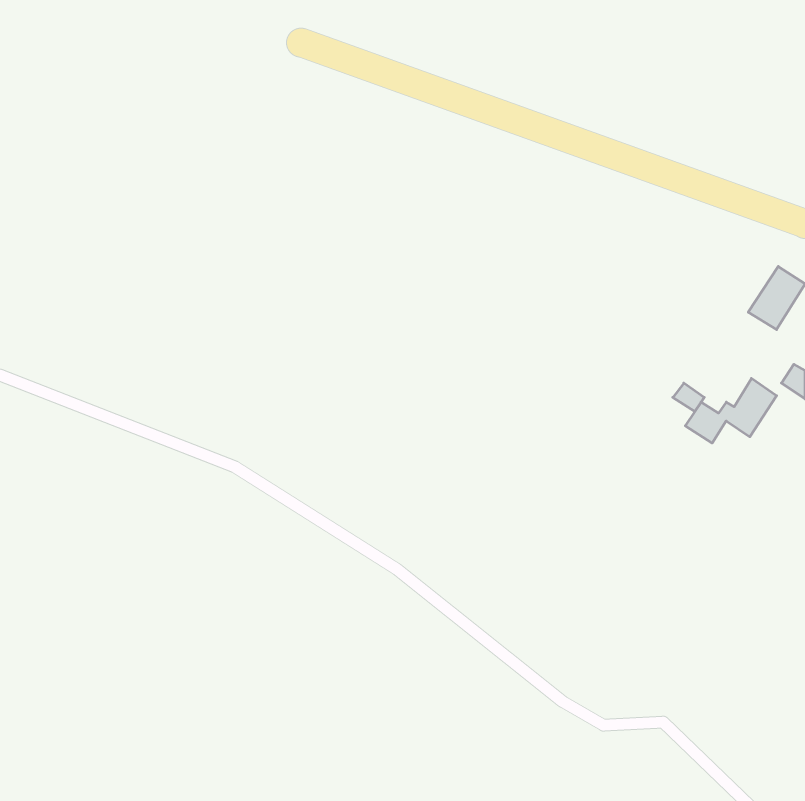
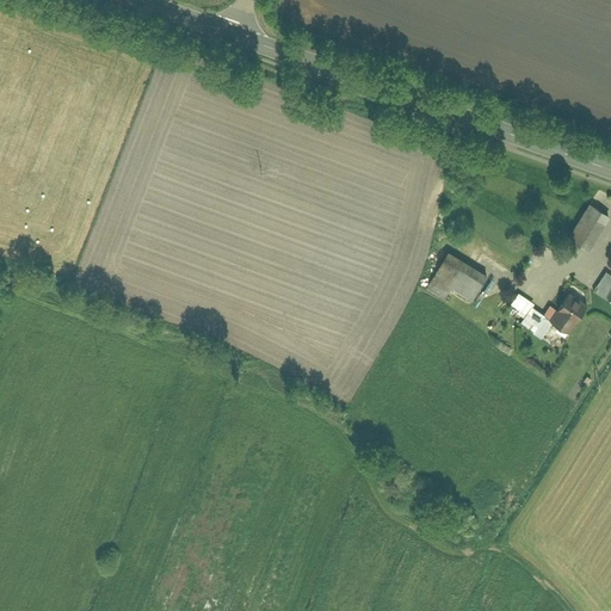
building: none -> [434,254,487,302]

